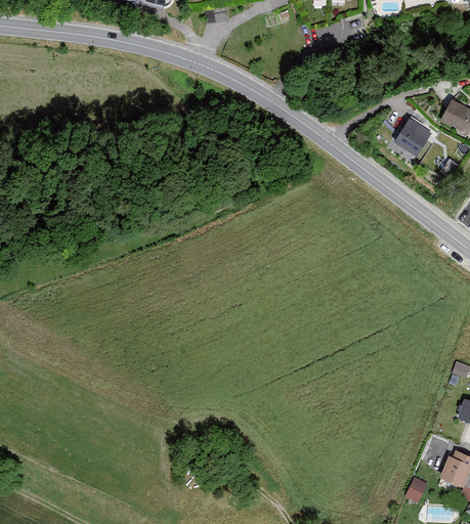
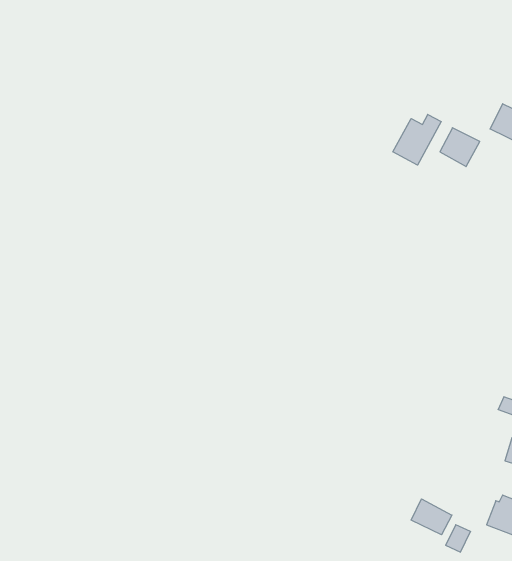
building: none -> [393,114,441,165]
building: none -> [411,499,452,535]

